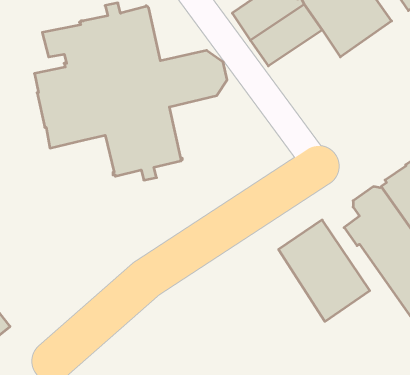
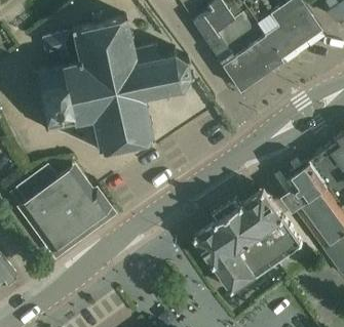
building: none -> [222,37,282,92]
building: none -> [16,166,117,253]
building: none -> [196,212,268,292]

